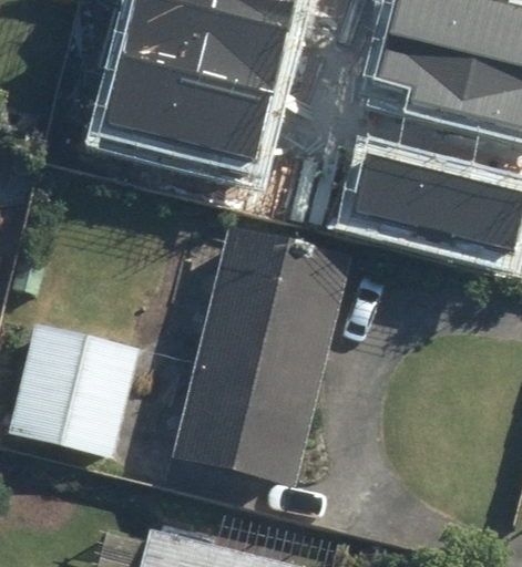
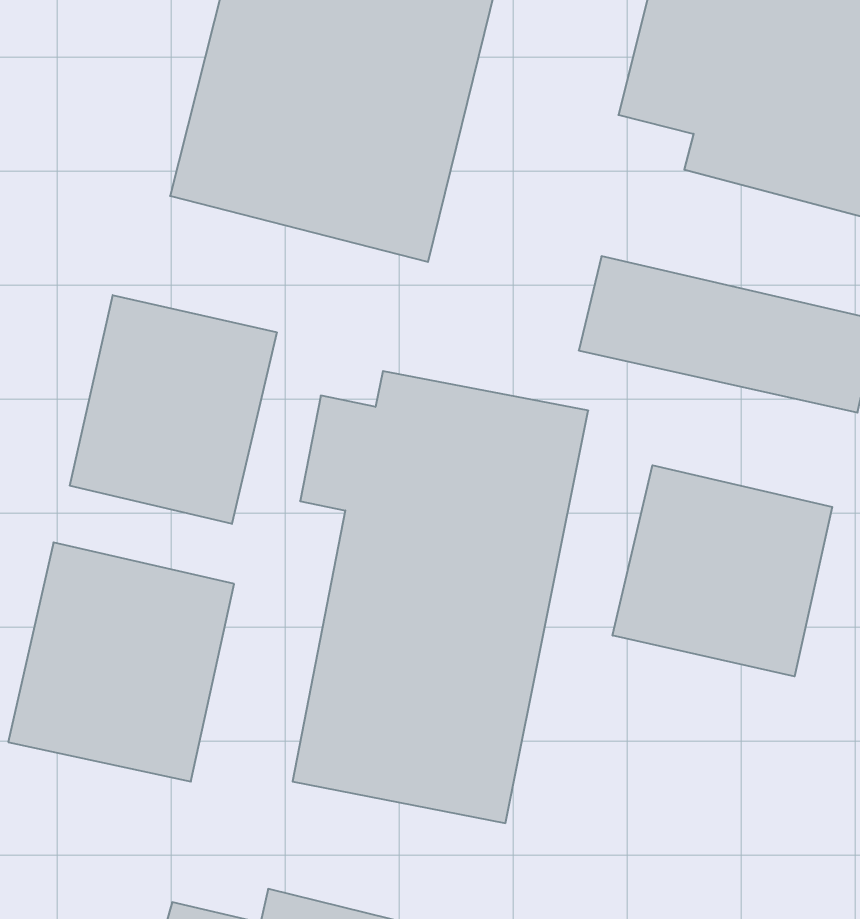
building: none -> [70,295,277,524]
building: none -> [613,465,832,676]

